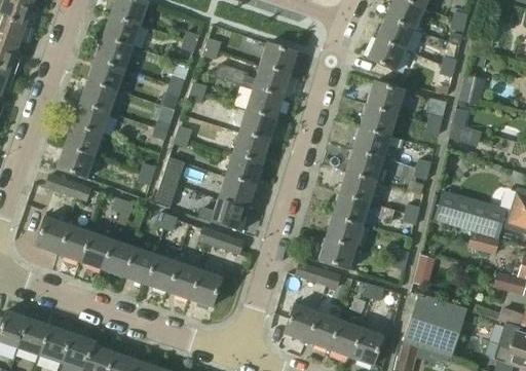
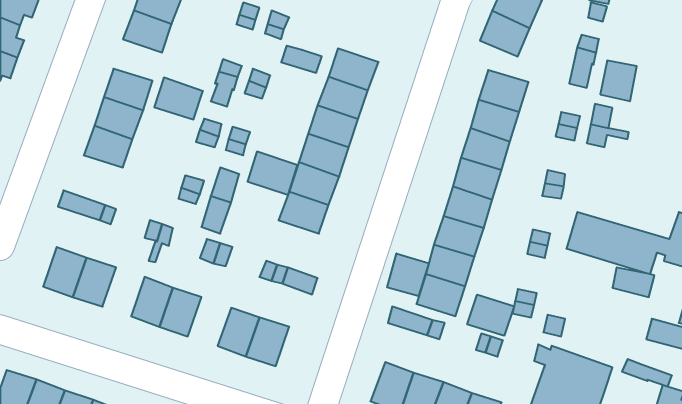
building: [259,43,297,76] -> none
building: [88,59,125,90] -> [154,78,203,119]
building: [59,147,96,179] -> none
building: [206,196,245,229] -> [247,152,298,195]
building: none -> [387,253,429,296]
building: [80,232,112,269] -> none
building: none -> [467,295,514,336]
building: [145,255,178,292] -> none

